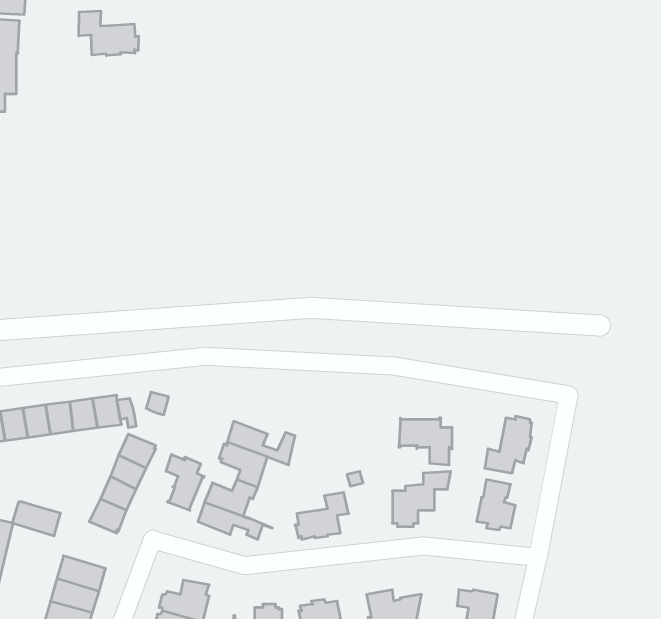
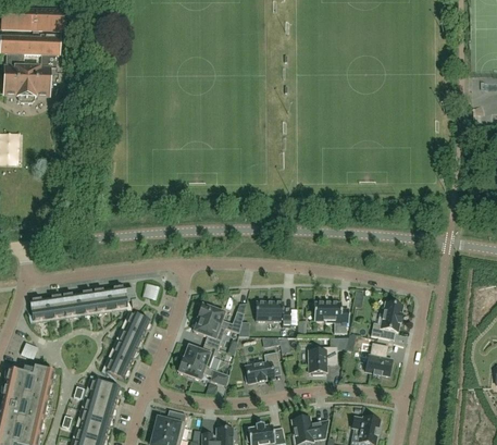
building: [79,11,139,56] -> none
building: none -> [256,301,290,326]
building: [166,454,204,510] -> none
building: [12,502,61,536] -> [88,380,121,403]

